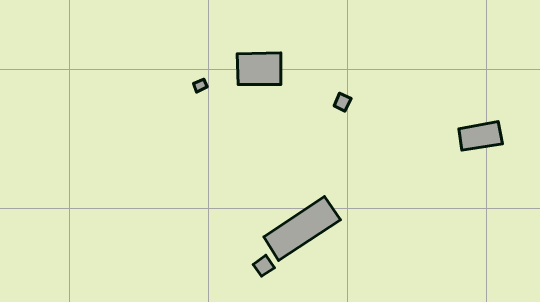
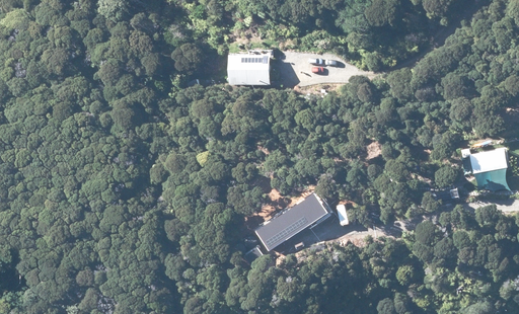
building: [459,121,502,150] -> [468,147,510,174]

